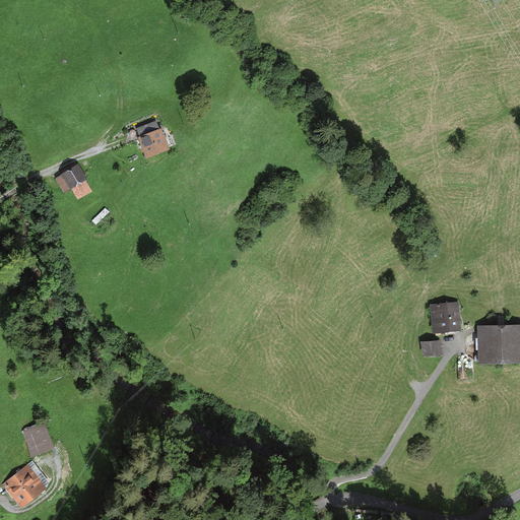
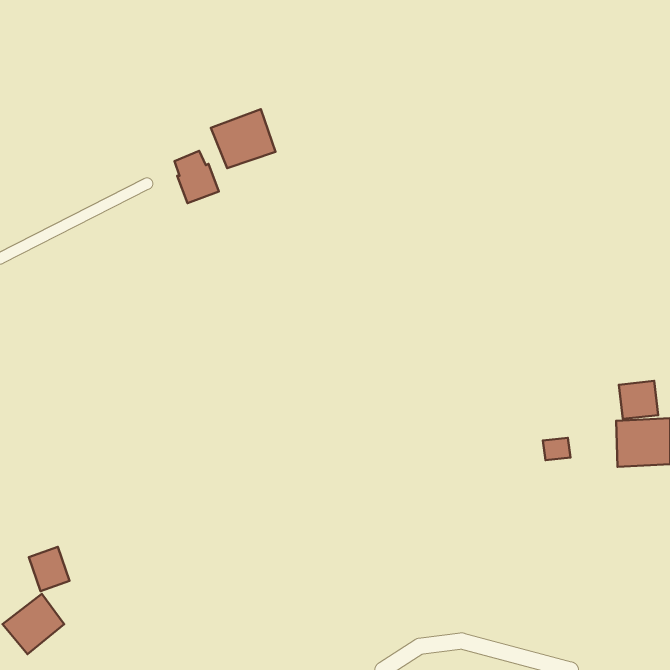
building: none -> [211,109,275,168]
building: [55,162,91,199] -> none
building: [431,302,461,331] -> [619,381,658,419]

